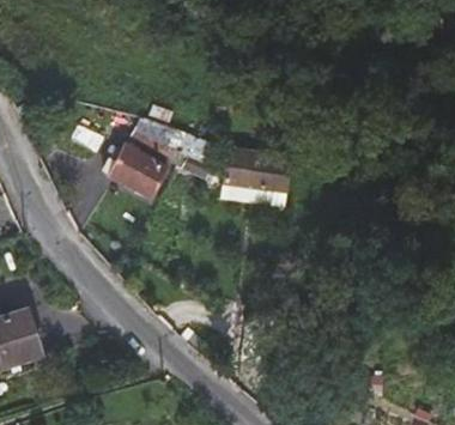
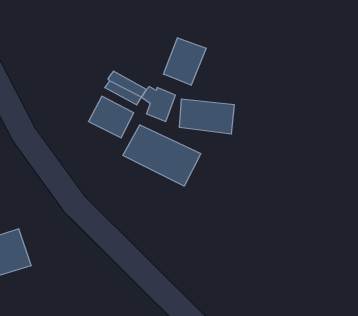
building: none -> [163,38,206,85]
building: none -> [123,125,201,186]

